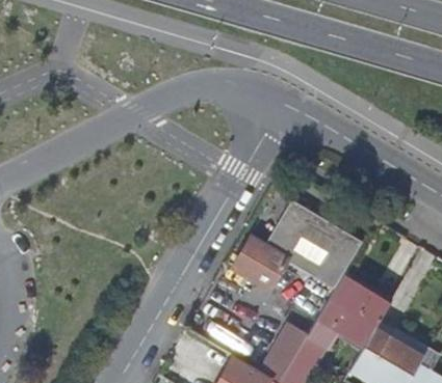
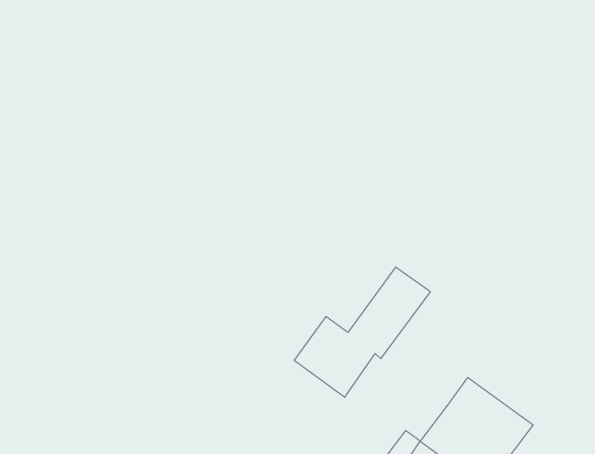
building: [288,216,363,292] -> none

